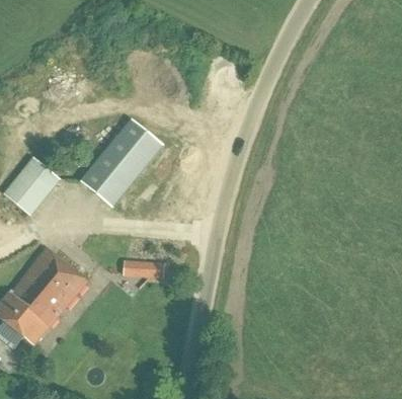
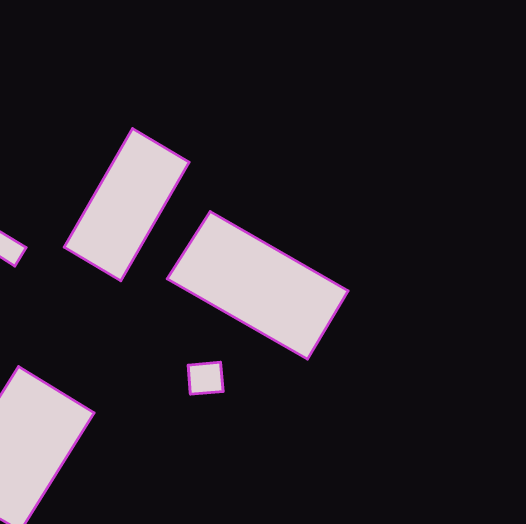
building: none -> [167,211,348,359]

